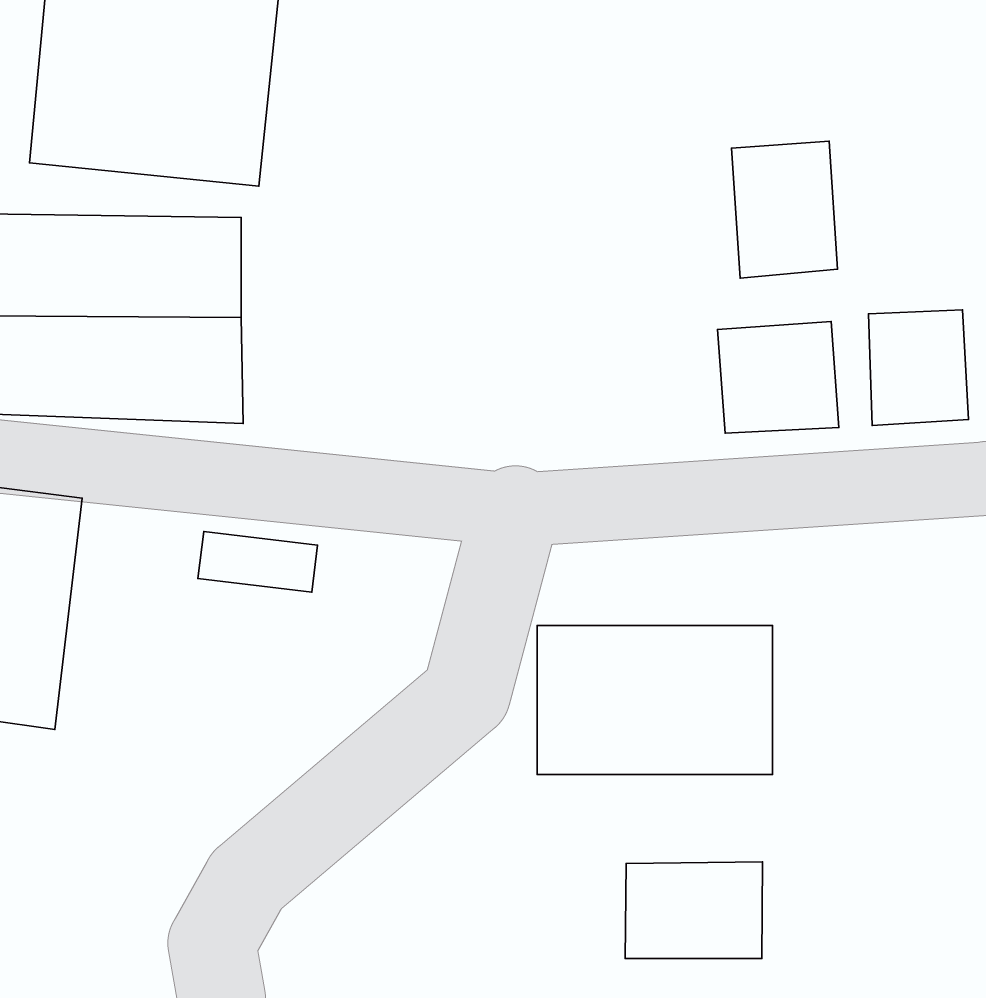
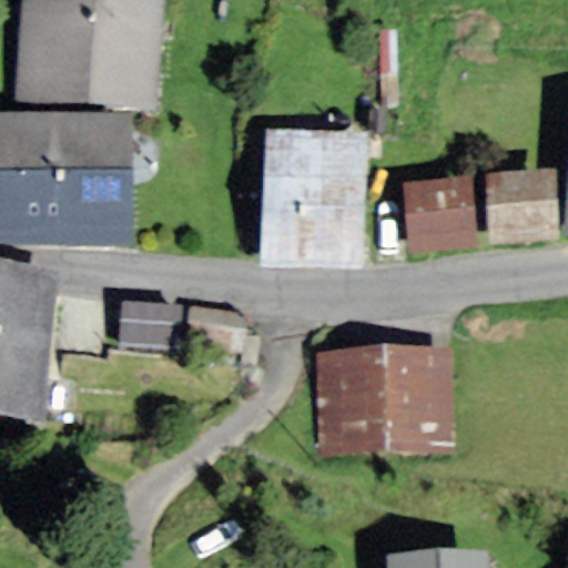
building: [732,141,838,278] -> none
building: none -> [268,135,359,256]
building: [625,862,762,959] -> none

